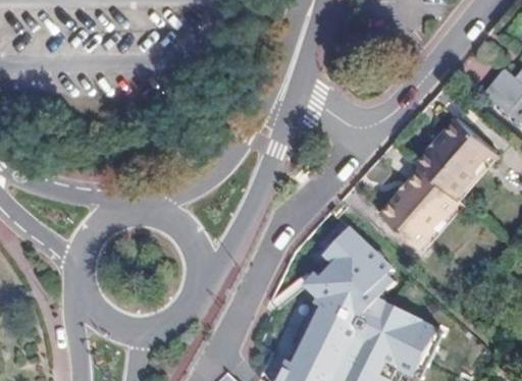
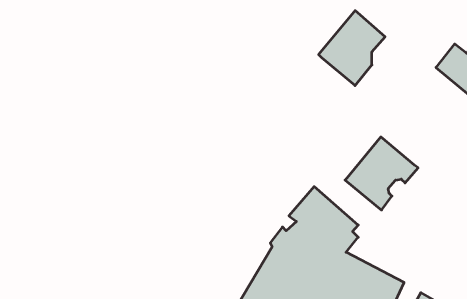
building: [417,119,489,201] -> [319,11,385,86]

